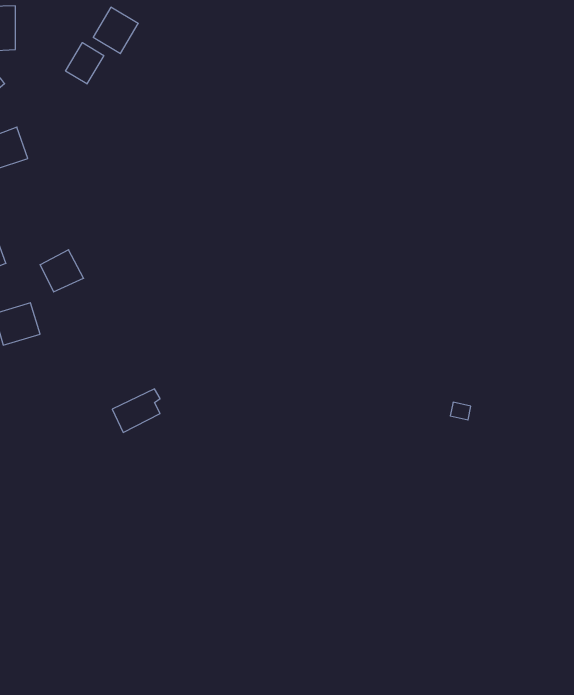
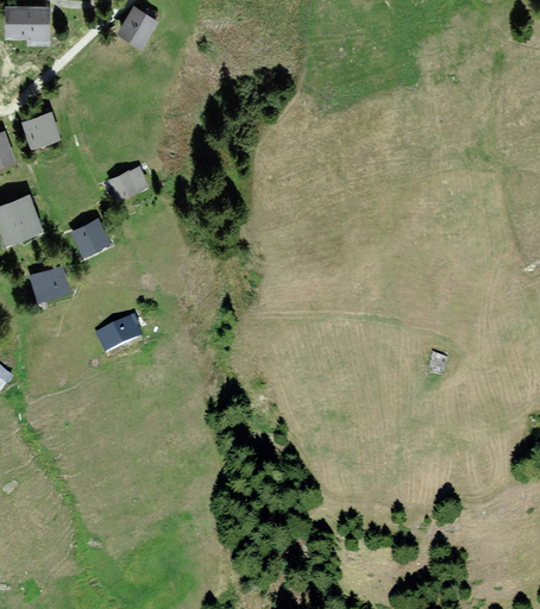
building: [66,43,104,84] -> none
building: none -> [109,167,147,200]
building: [112,389,160,432] -> [98,316,139,354]

